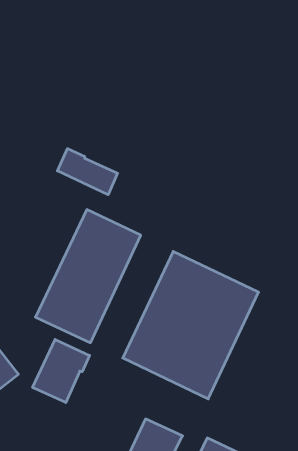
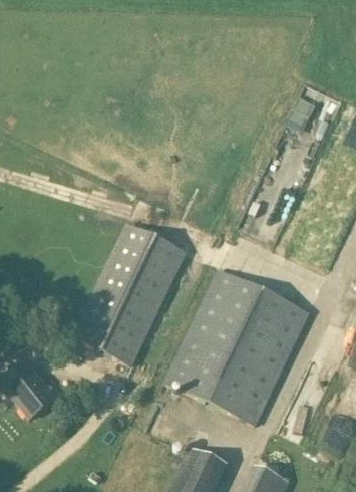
building: [57,149,118,195] -> none
building: [33,339,90,403] -> none

